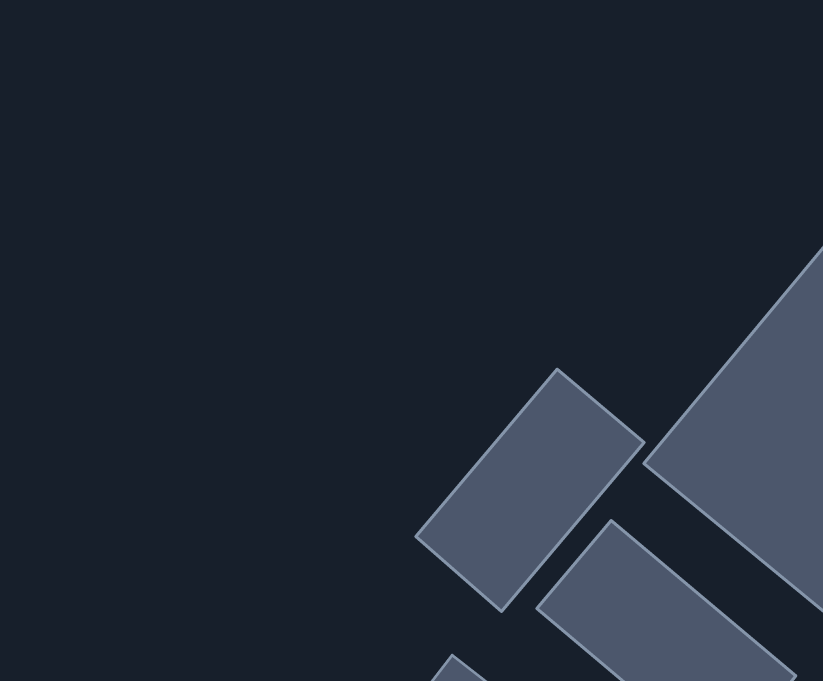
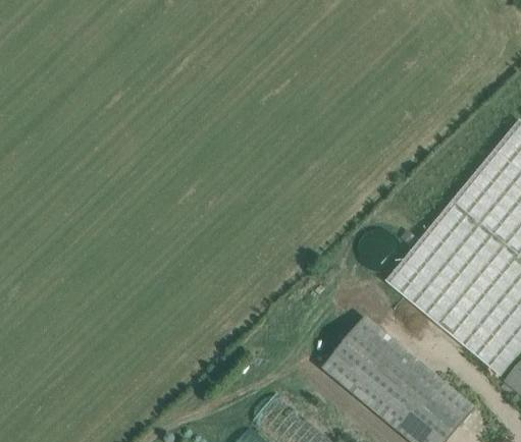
building: [416,369,644,612] -> none

